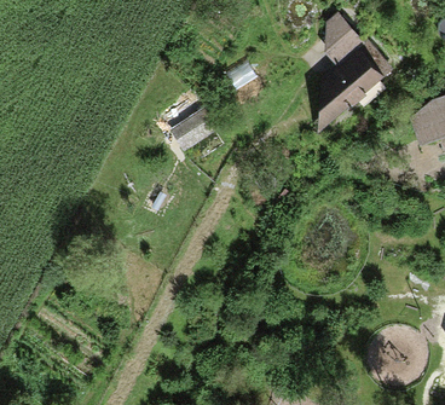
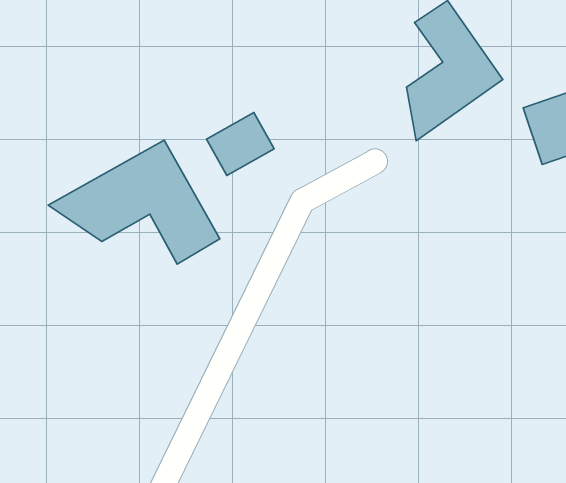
building: none -> [48,140,220,264]

